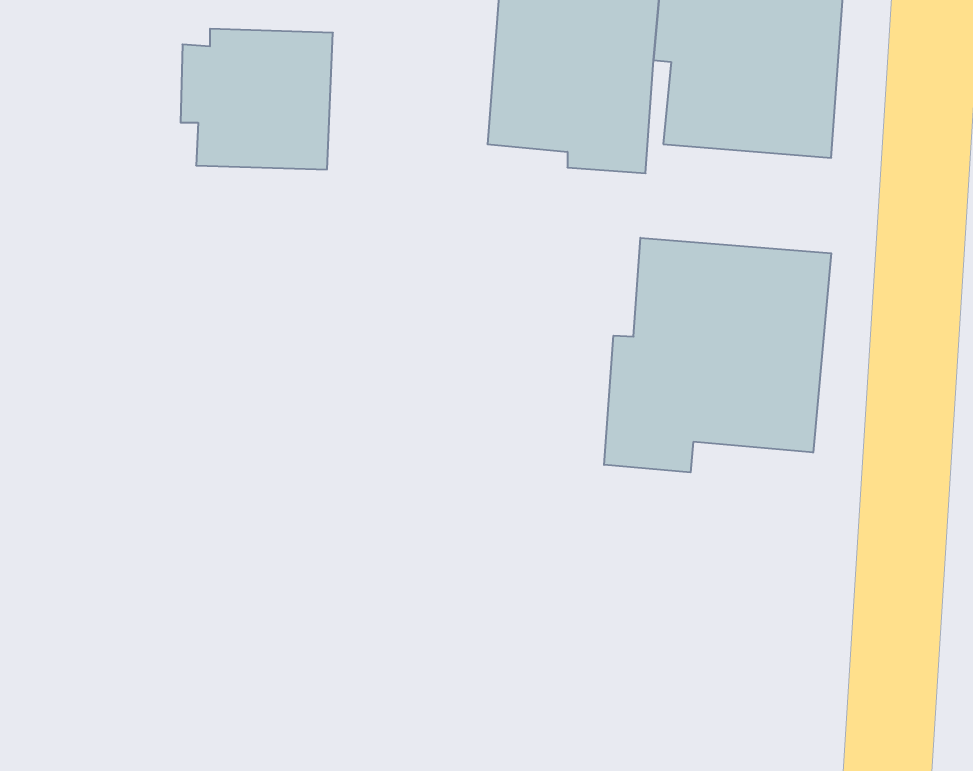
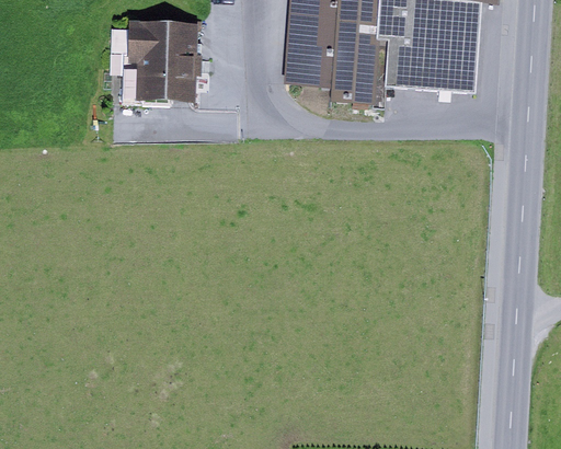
building: [604,238,831,472] -> none

